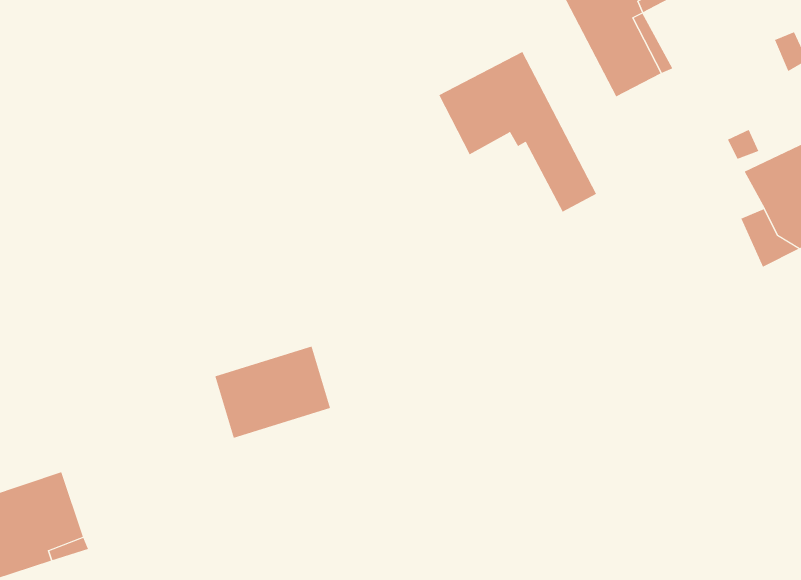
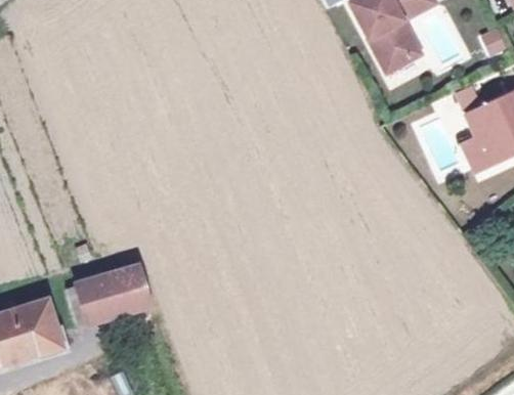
building: [439,51,597,213] -> none
building: [215,346,331,438] -> [80,265,151,321]

